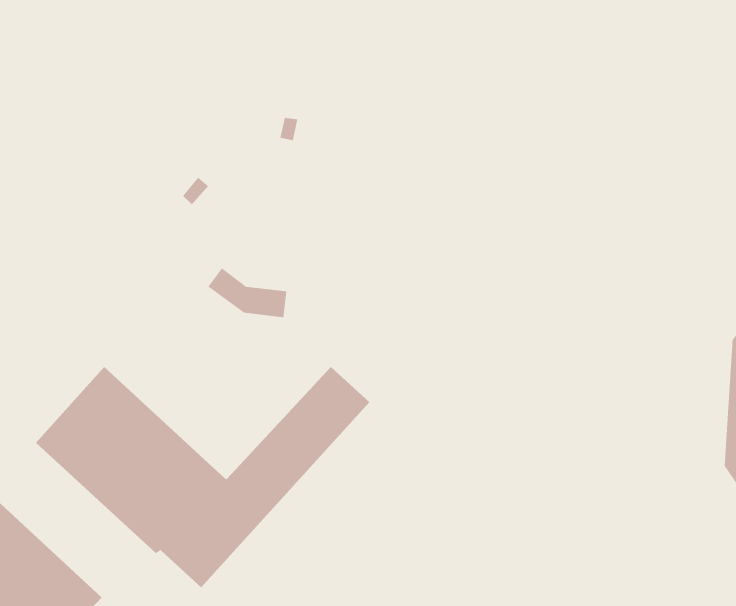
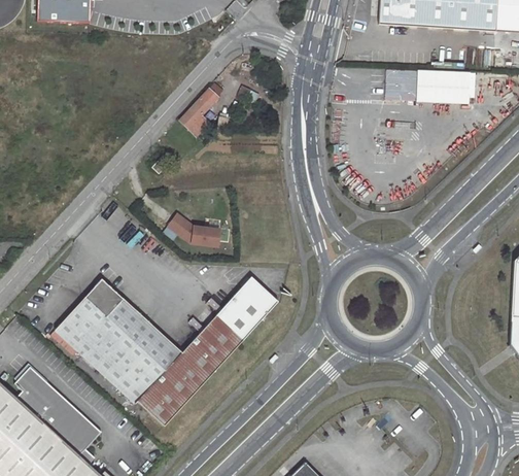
building: none -> [385,68,476,103]
building: none -> [179,89,218,136]

